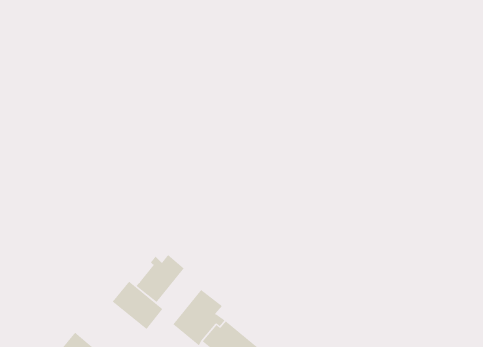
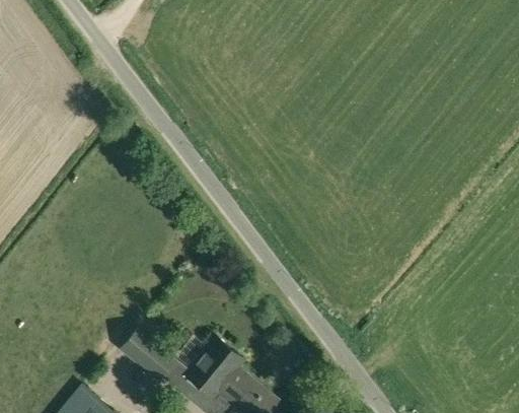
building: [135,254,185,303] -> none

